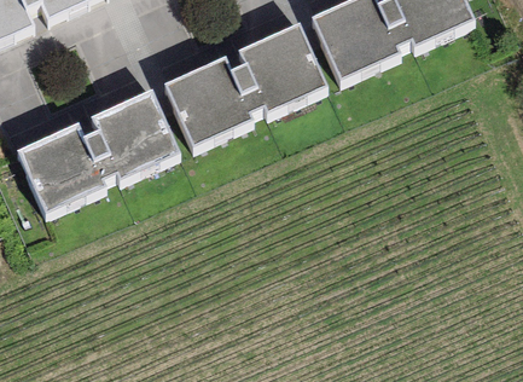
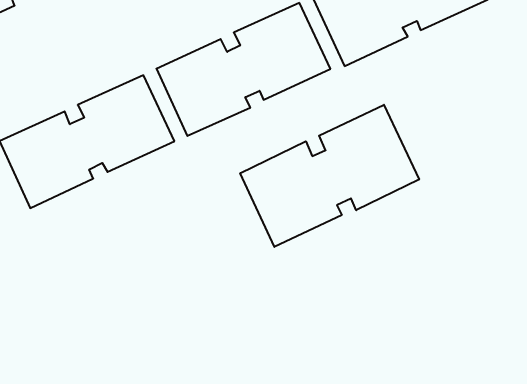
building: none -> [240,105,419,247]

